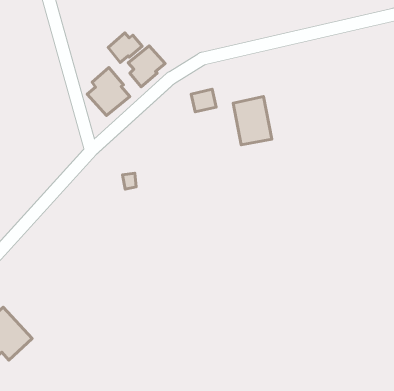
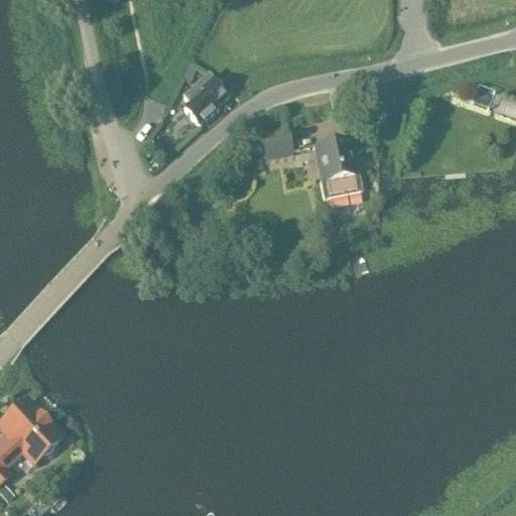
building: [108,33,142,62] -> none
building: [87,68,130,115] -> none

